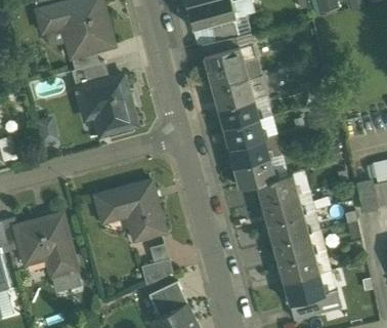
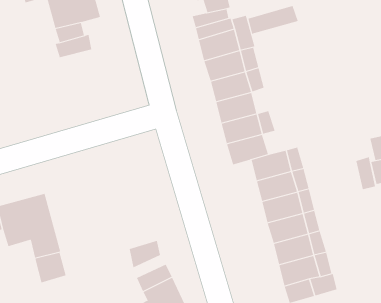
building: none -> [248,5,299,35]
building: [76,78,136,136] -> none
building: [94,181,165,241] -> none

